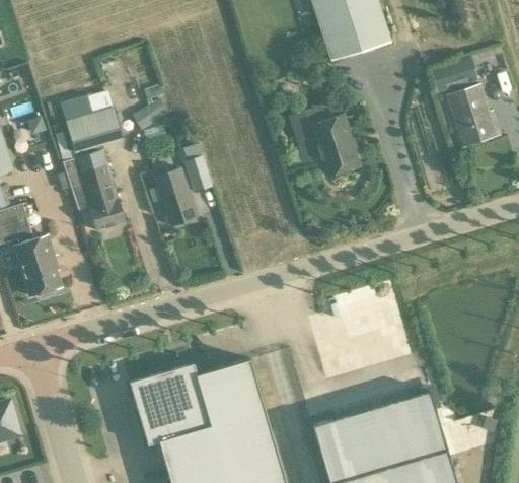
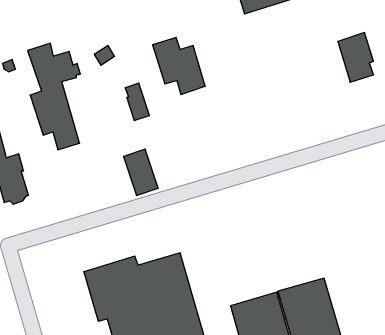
building: [429,59,477,92] -> none
building: [292,106,358,177] -> [153,37,205,94]
building: [154,168,198,226] -> [123,149,158,195]

